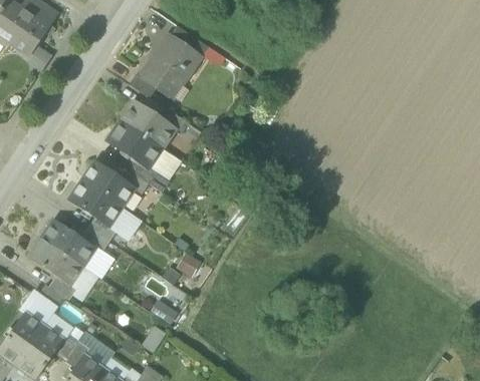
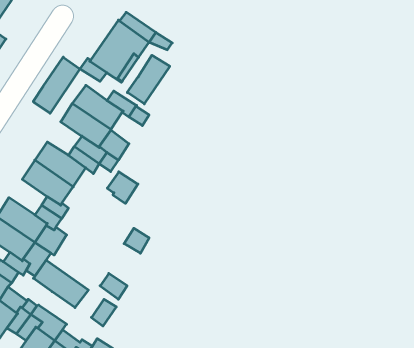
building: none -> [127,55,170,104]
building: none -> [33,57,80,113]
building: [108,208,141,241] -> [107,172,138,203]
building: none -> [33,260,88,308]

